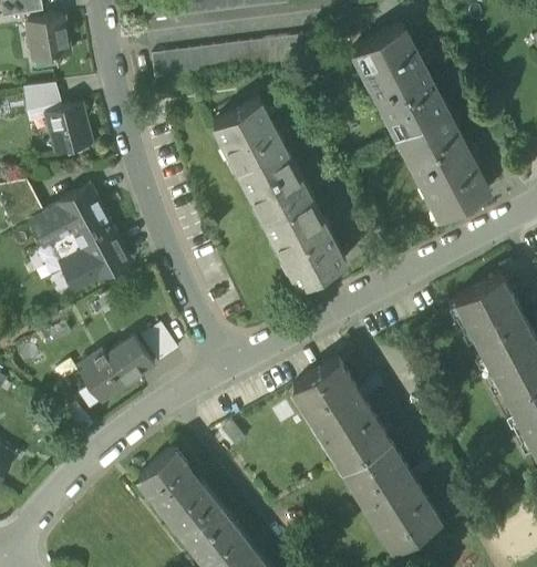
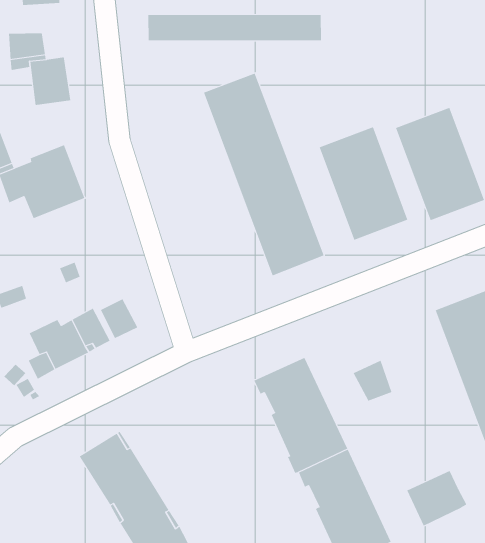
building: [352,24,444,133] -> [319,127,408,240]
building: [42,234,127,290] -> none
building: none -> [353,360,392,402]
building: none -> [406,470,467,527]

